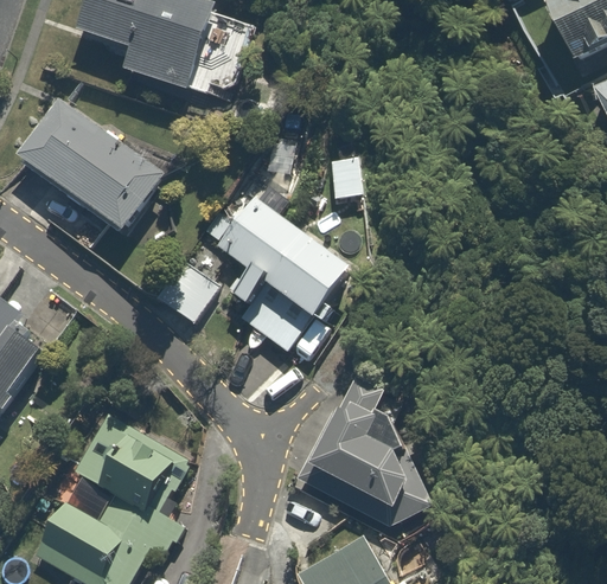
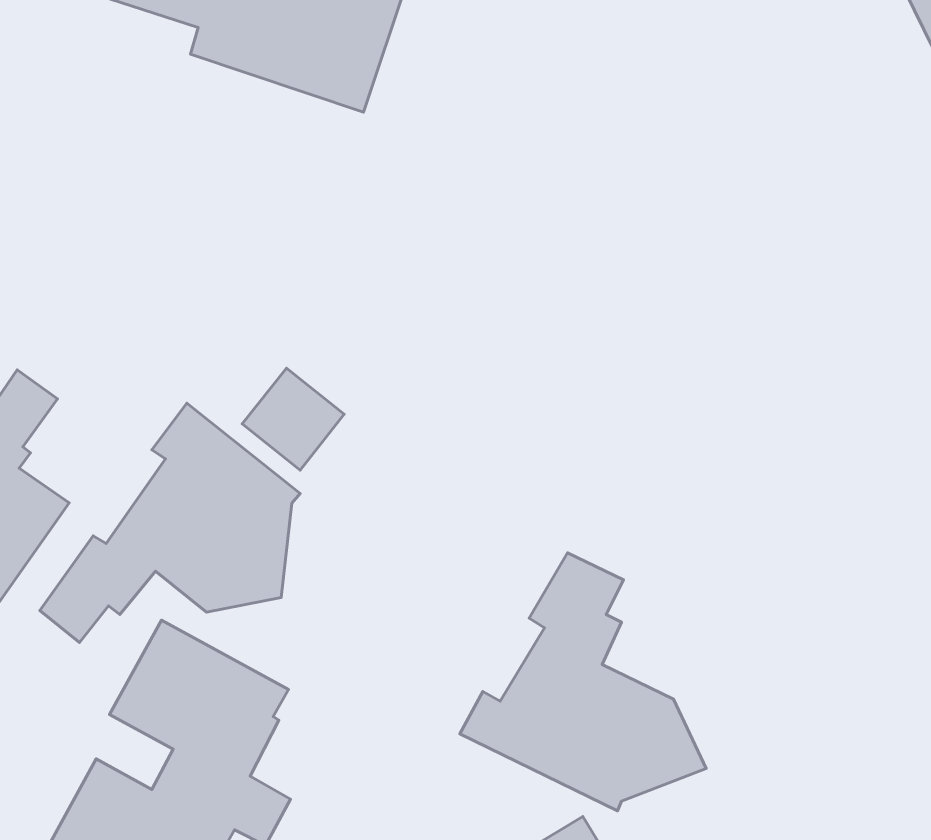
building: [17,97,166,236] -> none
building: [216,194,357,351] -> none
building: none -> [40,403,300,643]

